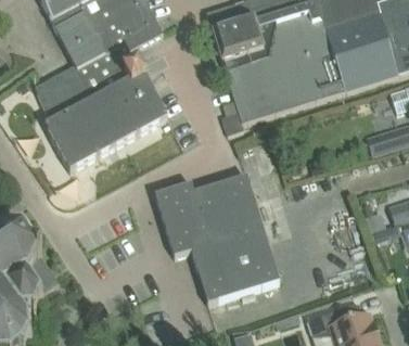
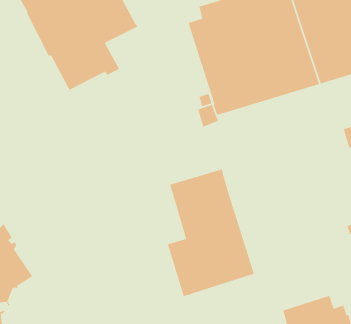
building: [35,62,167,169] -> none
building: [155,181,210,255] -> none

